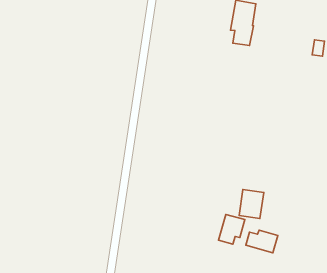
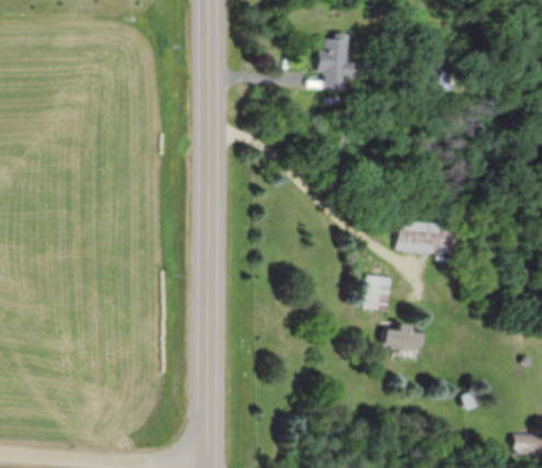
building: none -> [396,220,450,255]
building: [218,214,245,244] -> none

